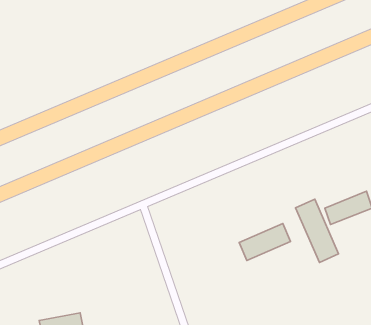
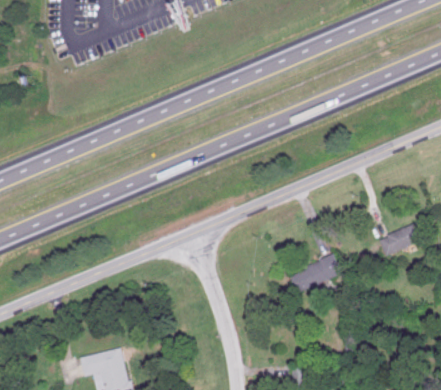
building: [296,199,339,263] -> none

